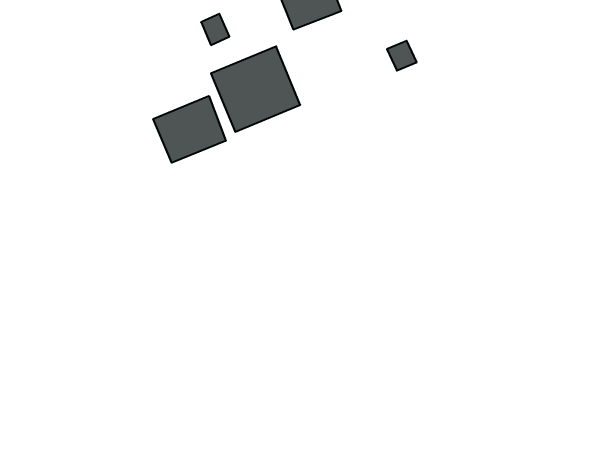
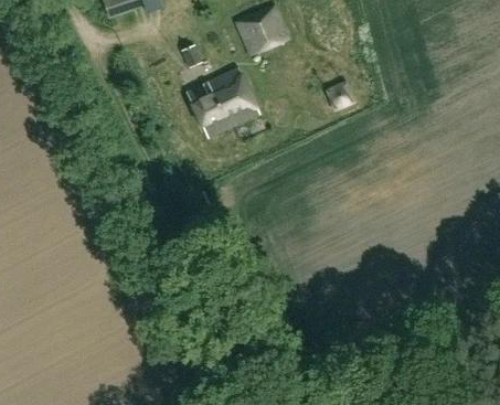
building: [153,96,226,163] -> none

